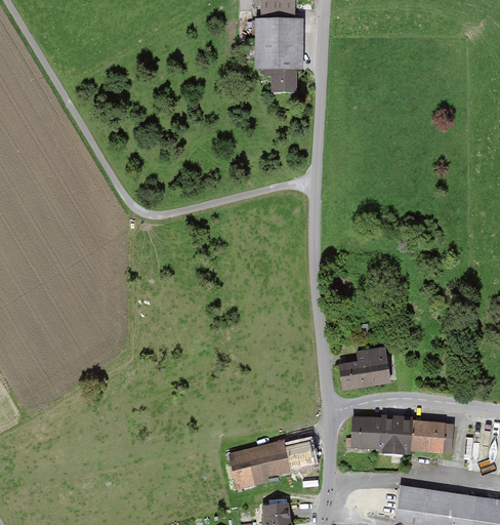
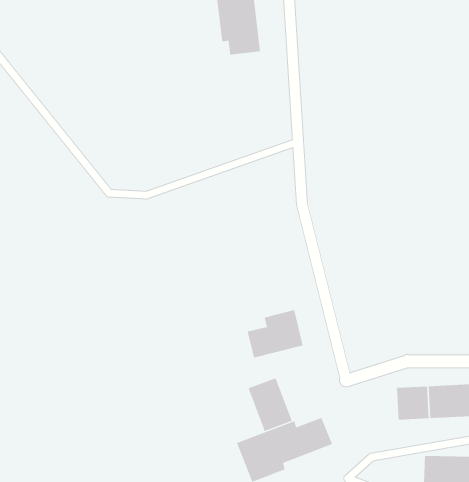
building: [339,349,390,390] -> [247,309,303,358]
building: none -> [248,377,293,432]
building: [352,417,382,450] -> none

